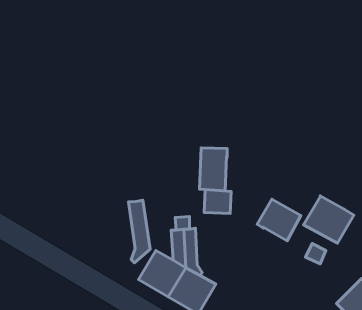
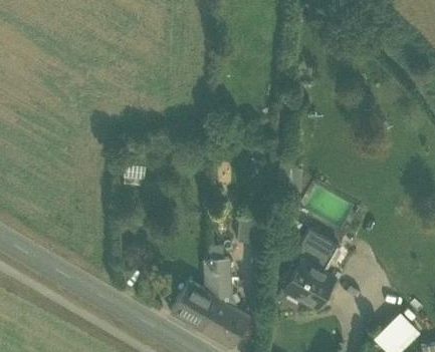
building: [199,148,227,191] -> none
building: [304,196,354,243] -> [282,259,335,308]
building: [128,200,150,263] -> none

